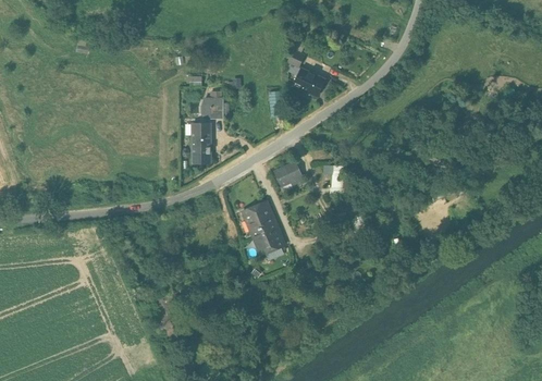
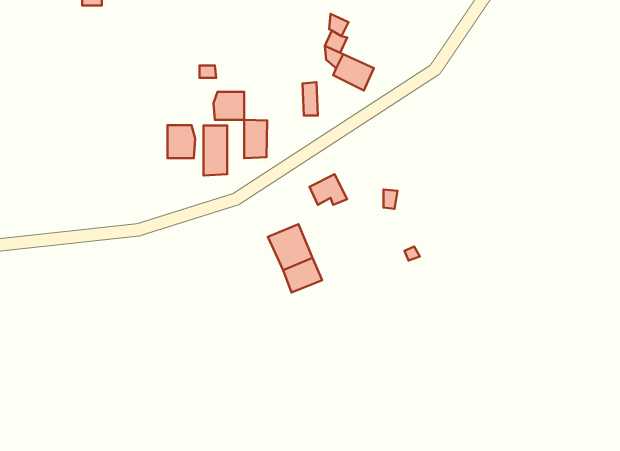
building: none -> [244,120,267,158]
building: none -> [168,125,195,158]

